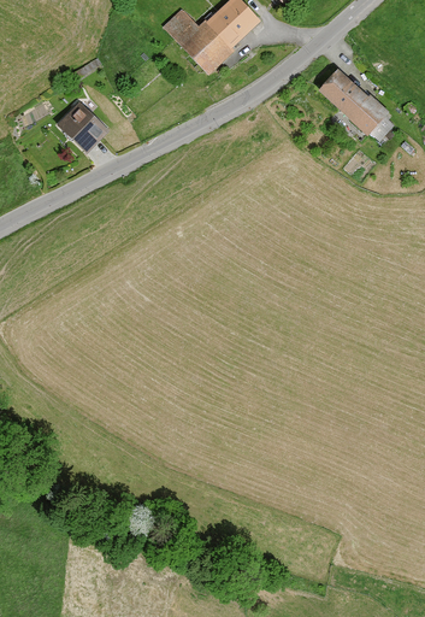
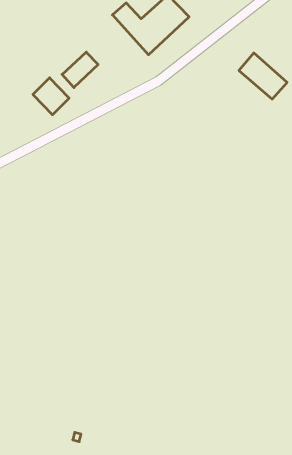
building: none -> [62,52,98,88]

